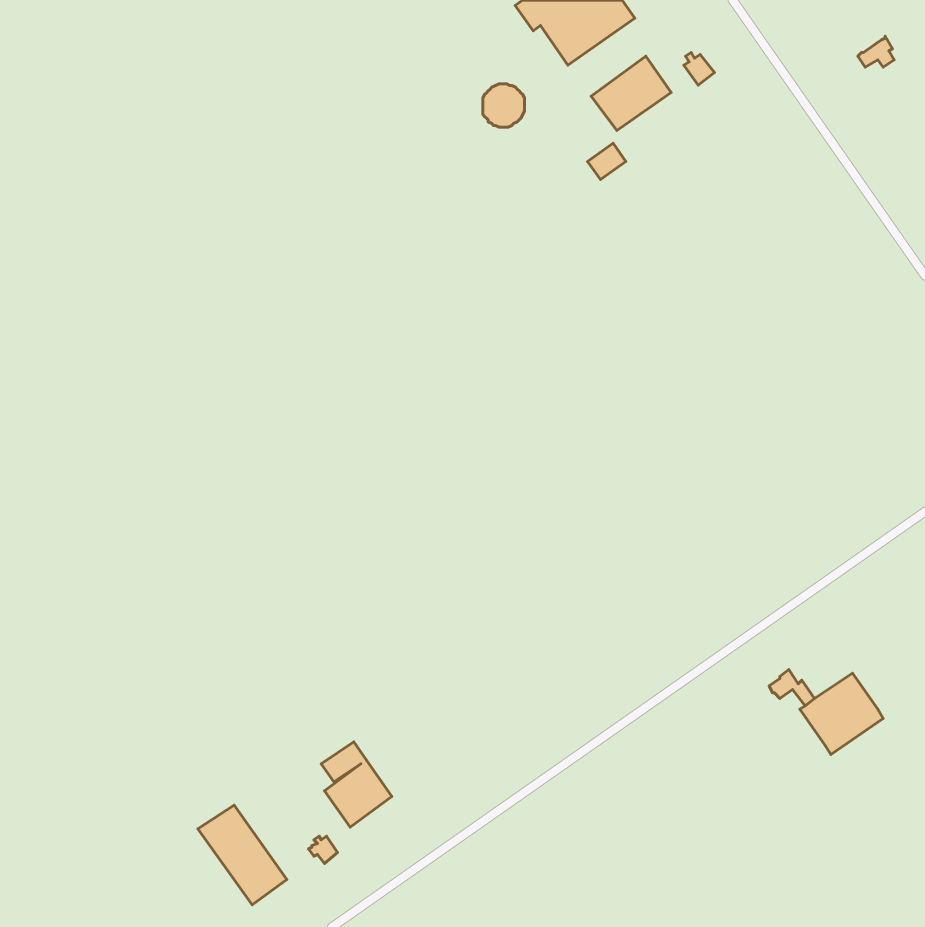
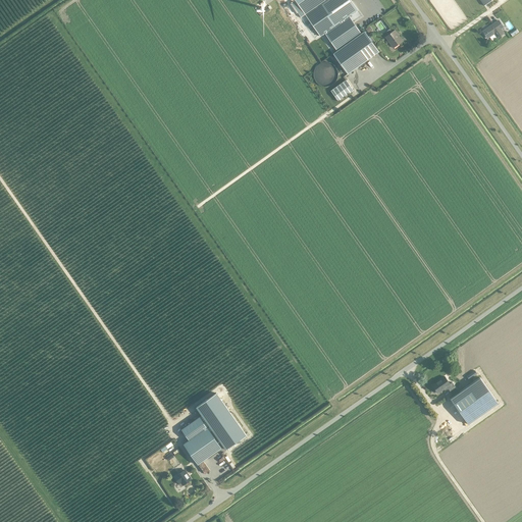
building: none -> [324,16,361,51]
building: [483,84,524,127] -> [313,62,336,87]
building: [198,805,287,905] -> [195,394,245,450]

